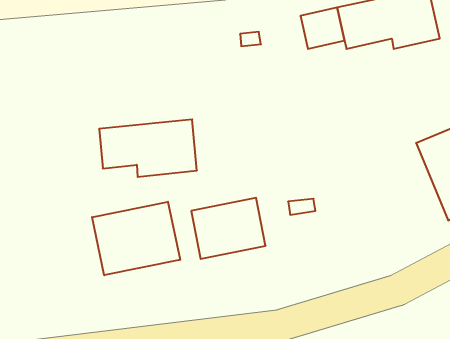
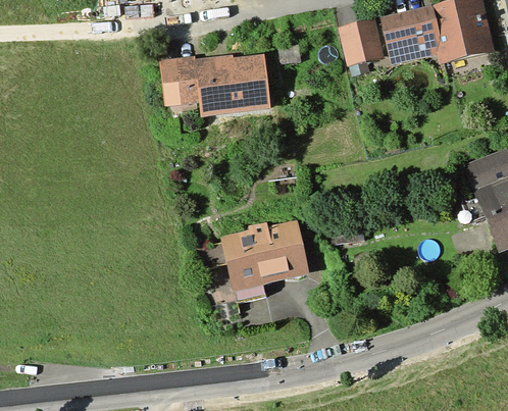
building: [99,119,197,177] -> [162,51,268,113]
building: [92,202,180,275] -> none

